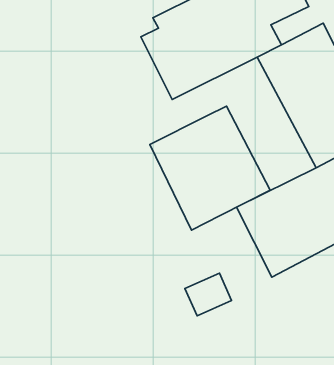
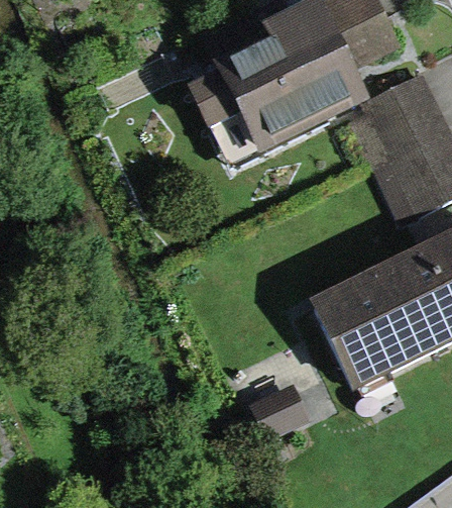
building: [150,106,270,230] -> none

